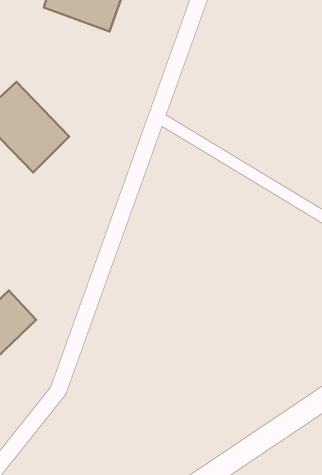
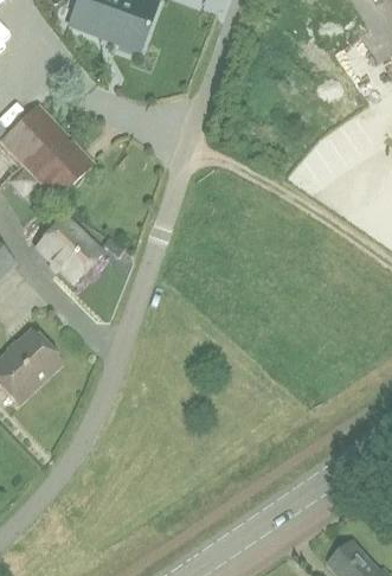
building: none -> [36,216,102,282]

